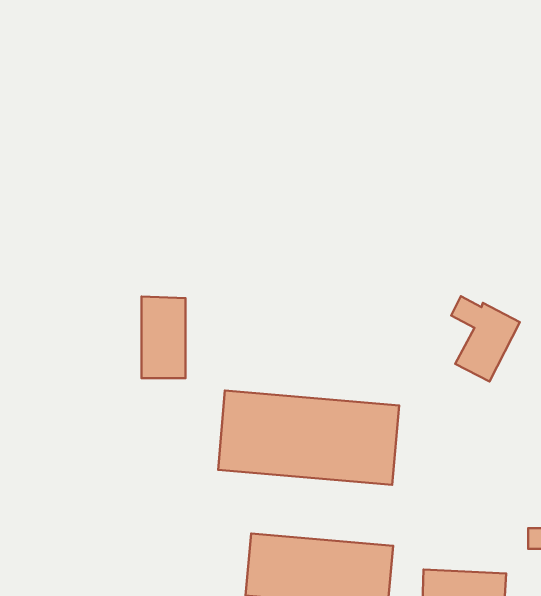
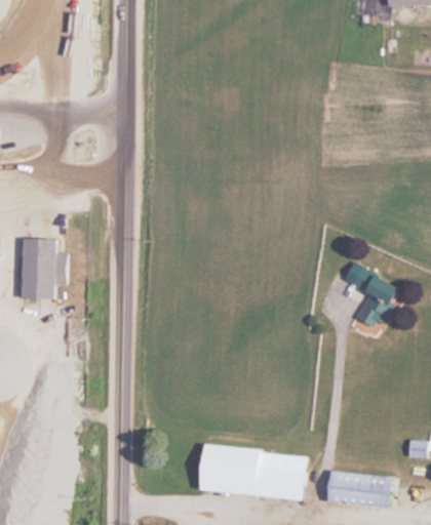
building: [141,297,186,378] -> [24,238,56,298]
building: [218,390,399,485] -> none

